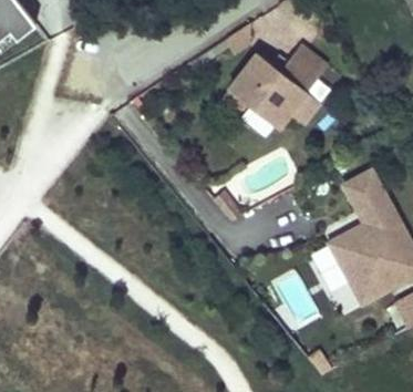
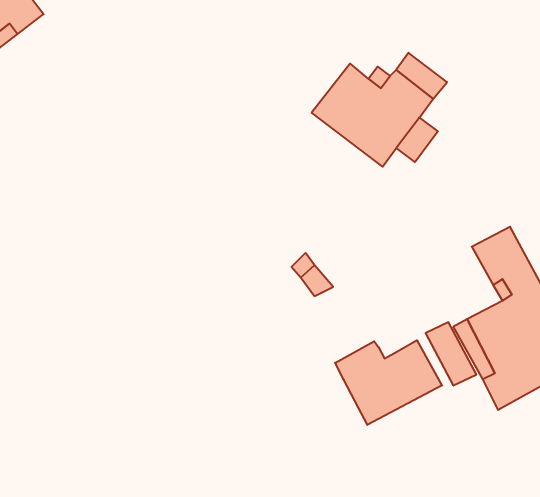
building: none -> [335,340,442,425]

